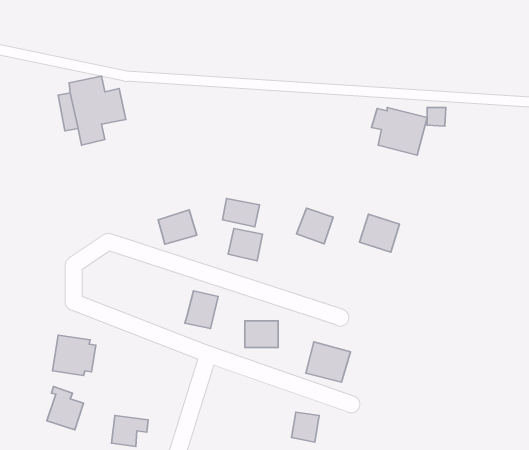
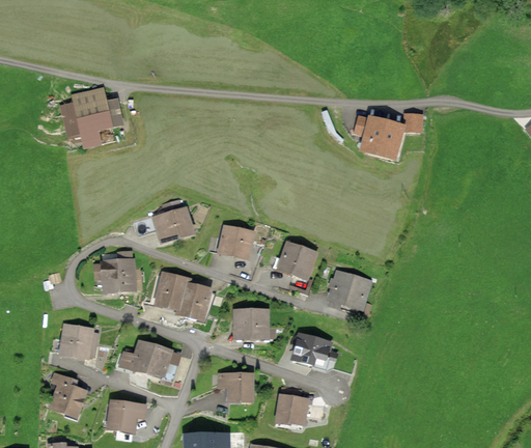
building: [222,198,259,227] -> none
building: [296,208,333,244] -> [279,245,313,278]
building: [360,214,400,252] -> [331,272,368,307]
building: none -> [103,259,134,290]
building: none -> [158,274,189,308]
building: none -> [115,341,171,384]
building: none -> [220,373,251,398]

